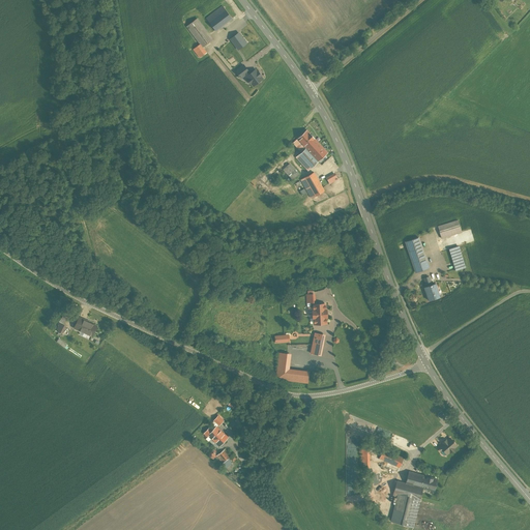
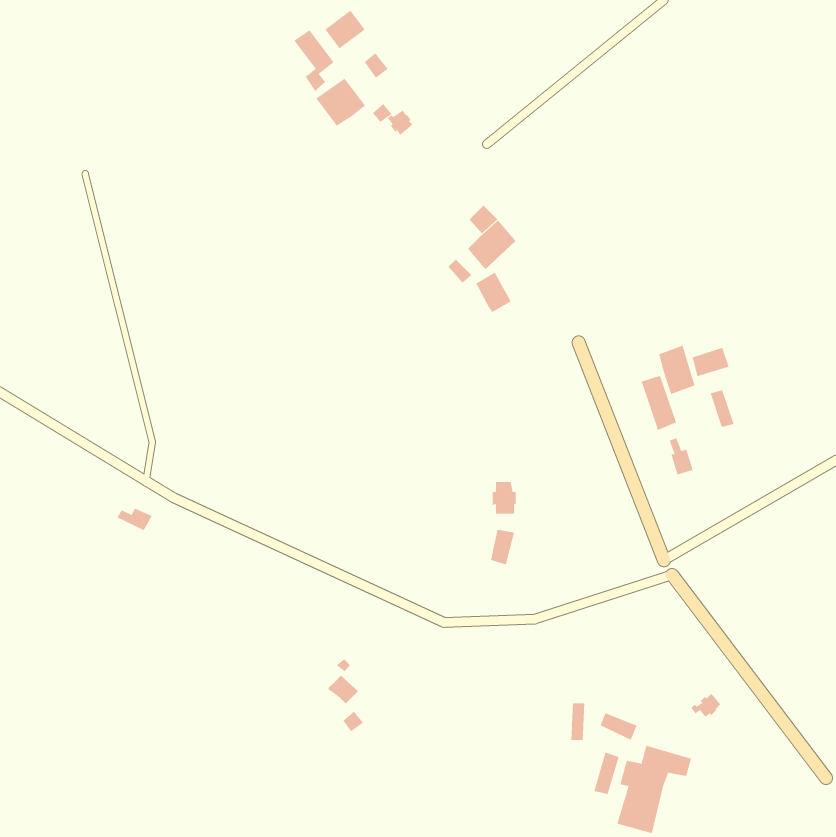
building: none -> [316,78,366,126]
building: none -> [659,345,695,395]
building: [275,353,307,383] -> none

